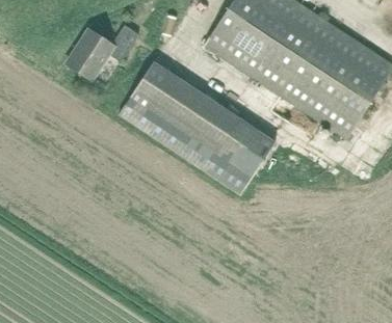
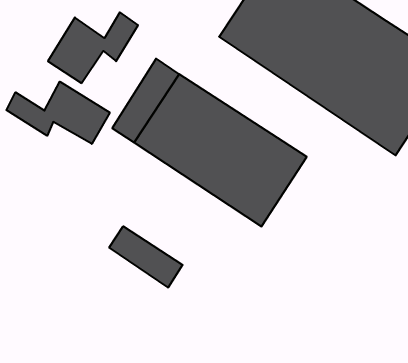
building: none -> [6,82,110,144]
building: none -> [109,226,183,288]

